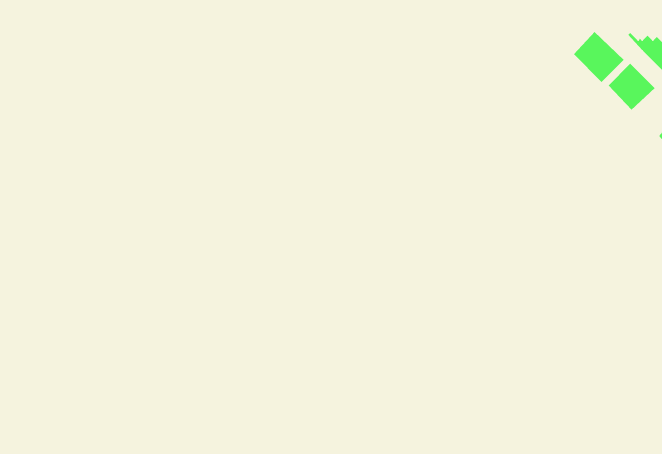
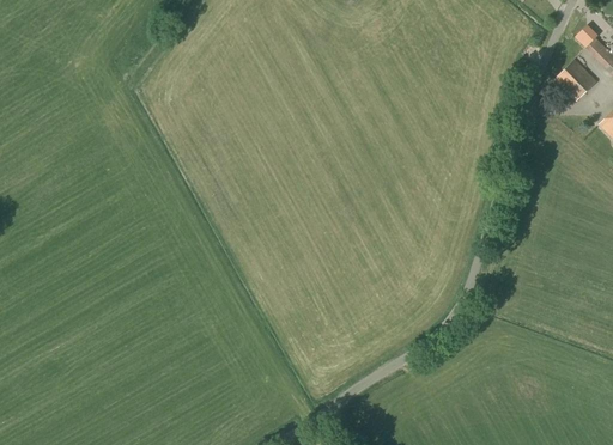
building: [573,31,624,83] -> none

